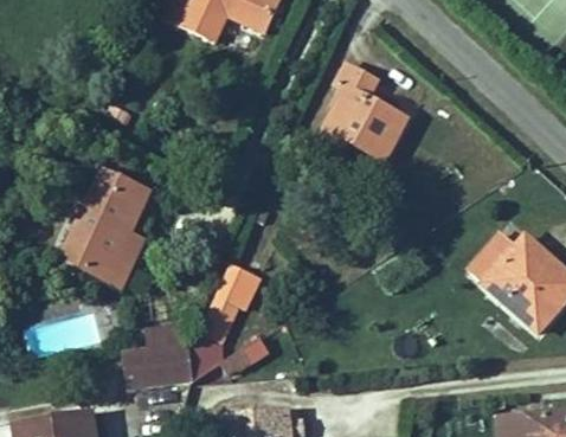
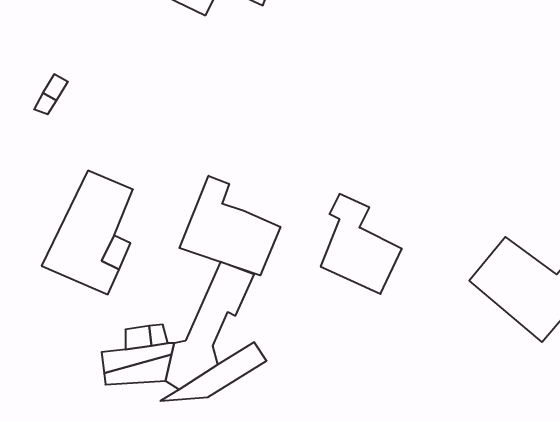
building: [334,62,411,156] -> [321,194,402,294]
building: none -> [179,176,280,275]

